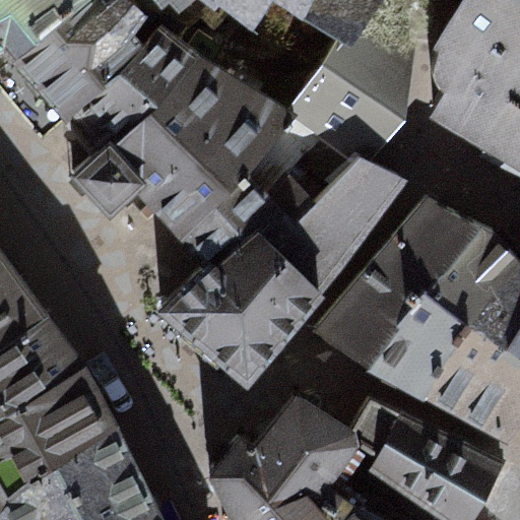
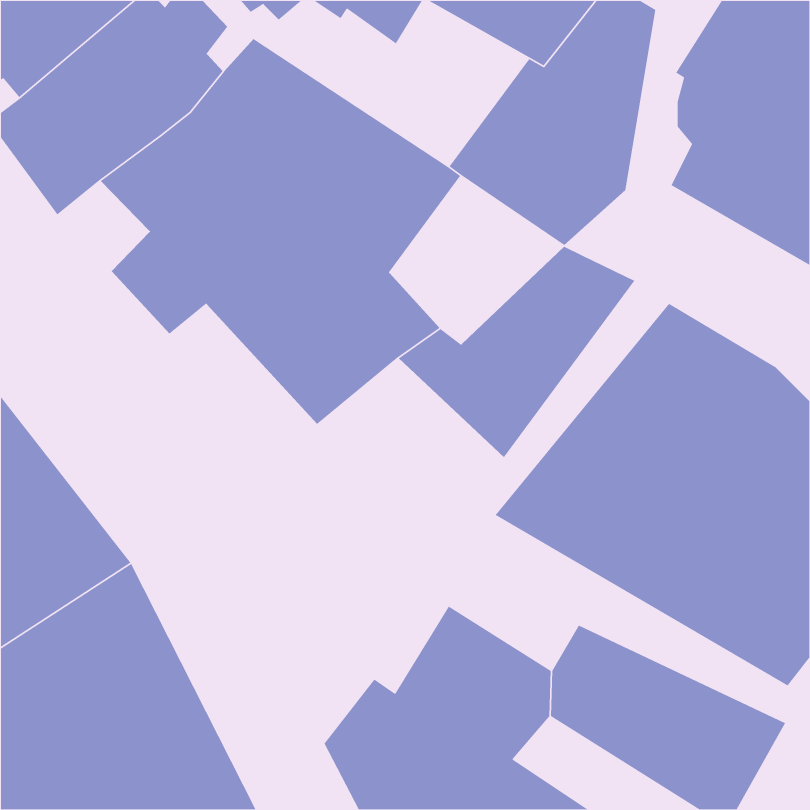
building: [155,230,323,388] -> none

